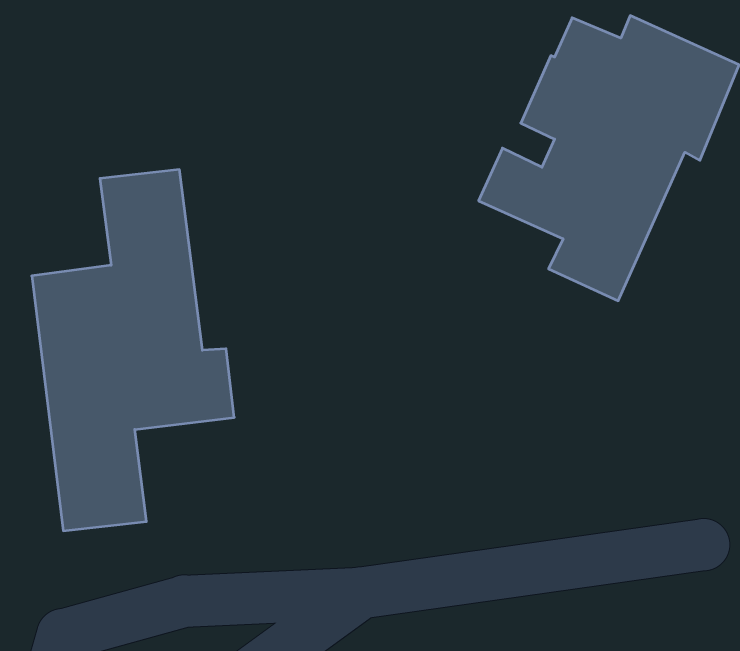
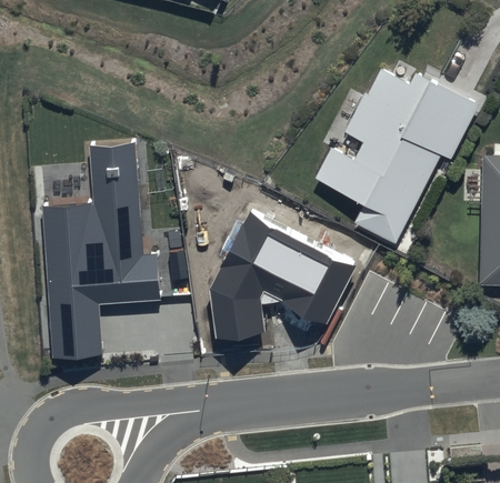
building: none -> [211,217,357,345]

